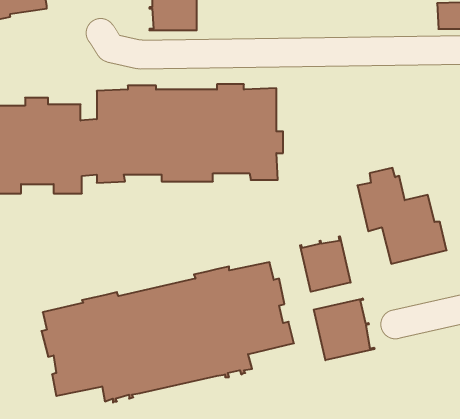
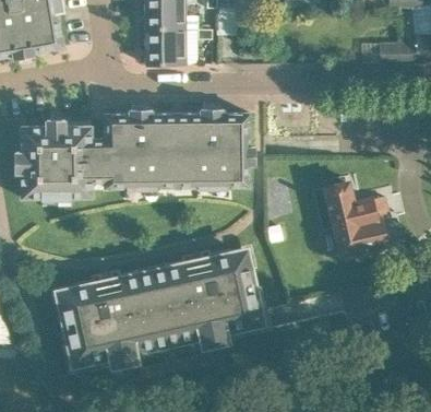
building: [300,236,351,292] -> none
building: [314,298,374,360] -> none

